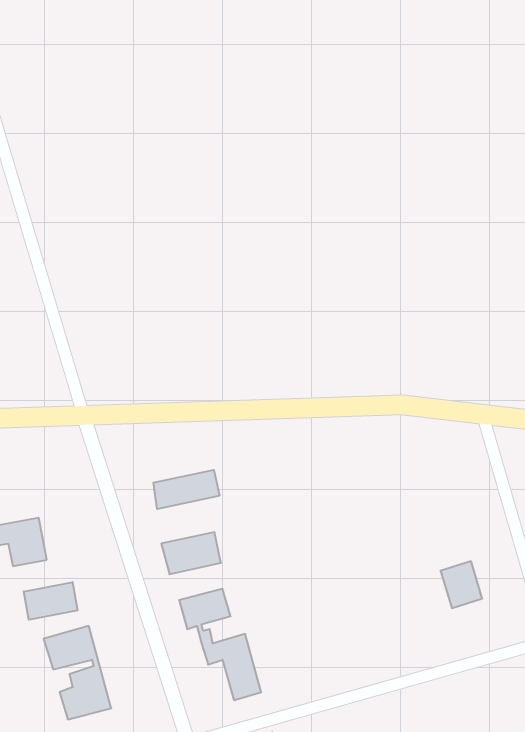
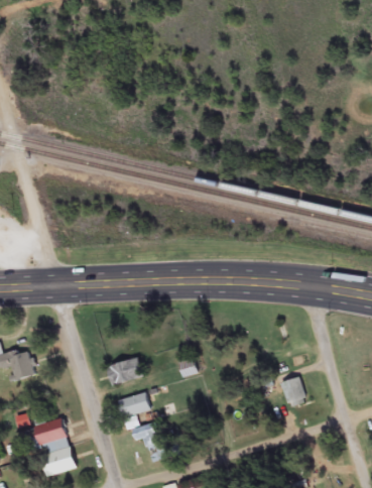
building: [153,470,219,509] -> none
building: [24,582,77,620] -> none

